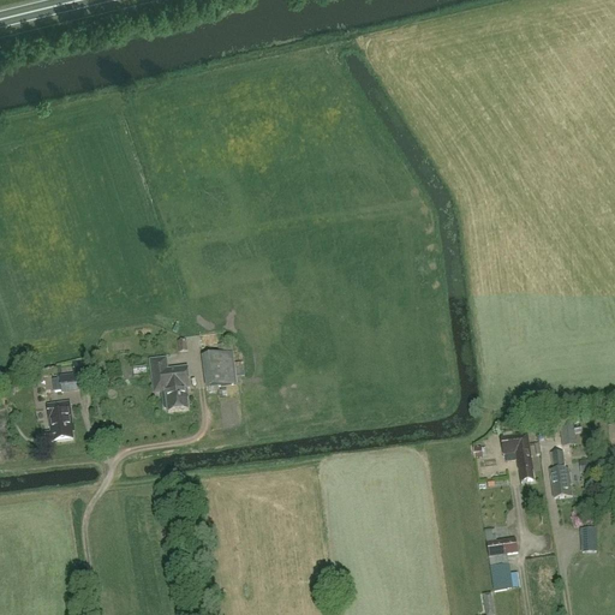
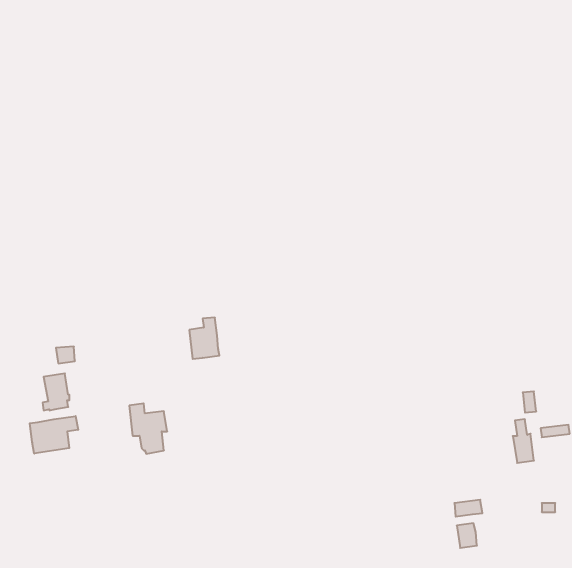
building: [150,356,191,410] -> [129,403,167,454]
building: [502,432,535,480] -> none
building: none -> [30,416,78,454]

